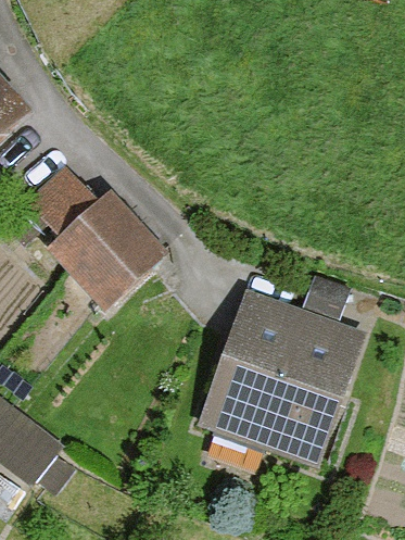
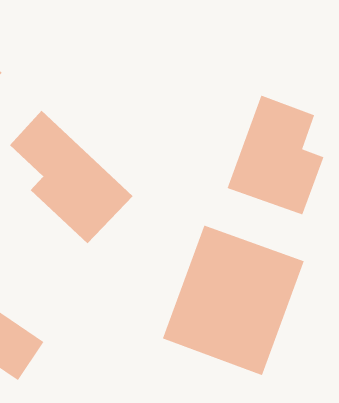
building: none -> [227,95,324,215]

